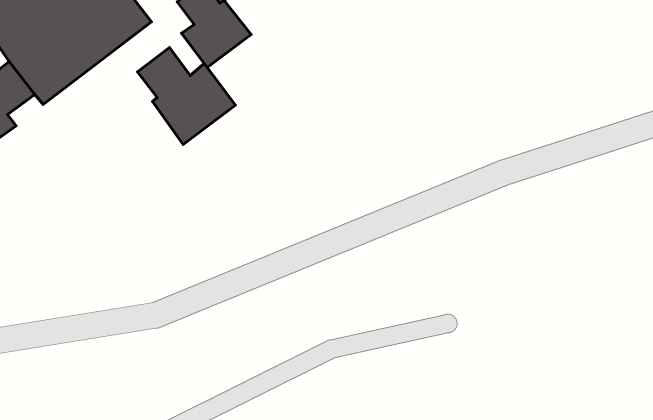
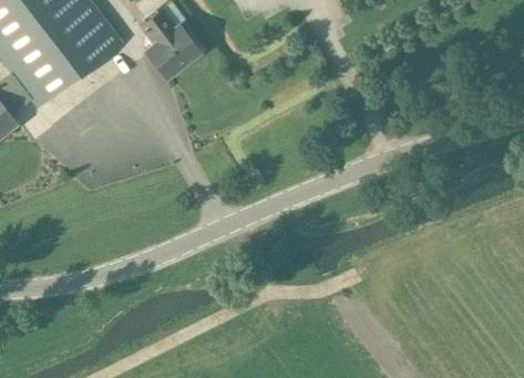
building: [138,48,235,145] -> none

